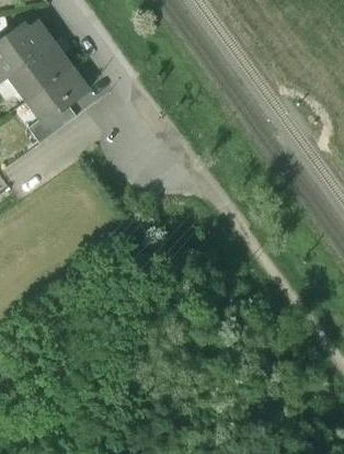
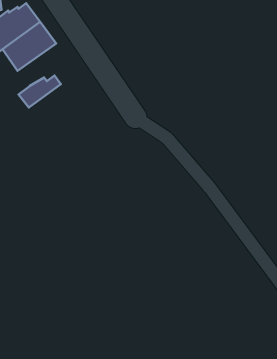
building: [26,68,88,117] -> none

